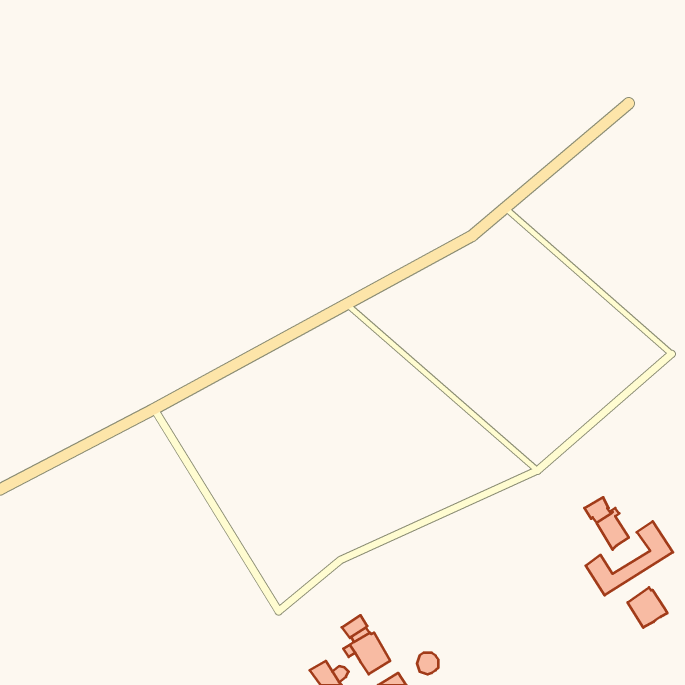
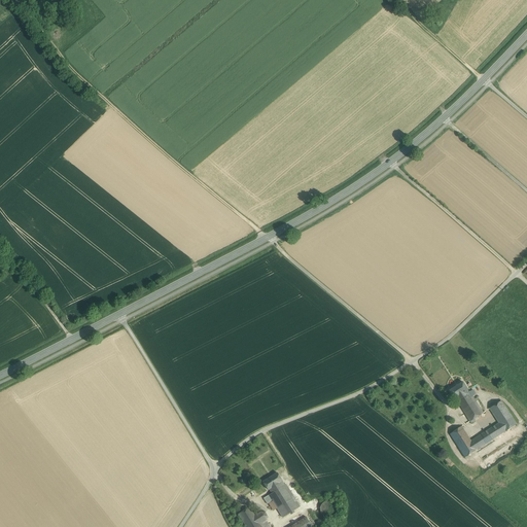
building: [628,587,667,628] -> none

